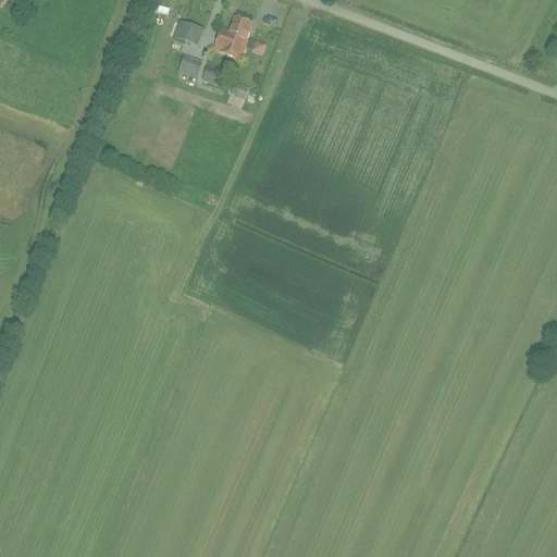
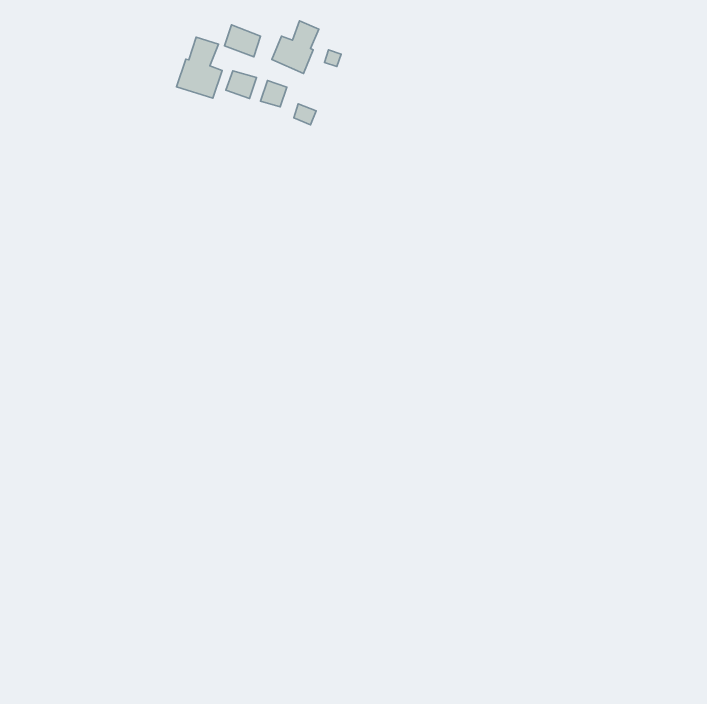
building: none -> [176,37,222,98]

